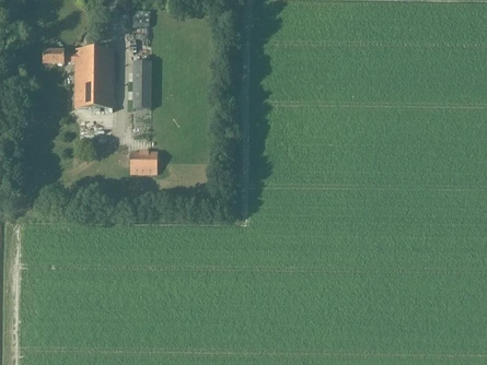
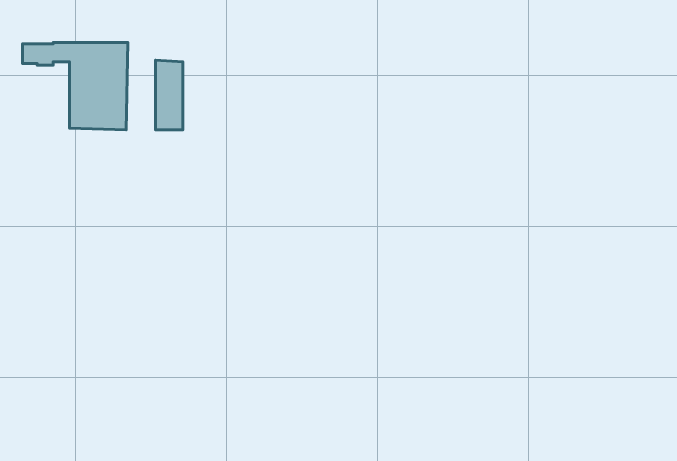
building: [128,149,156,172] -> none

